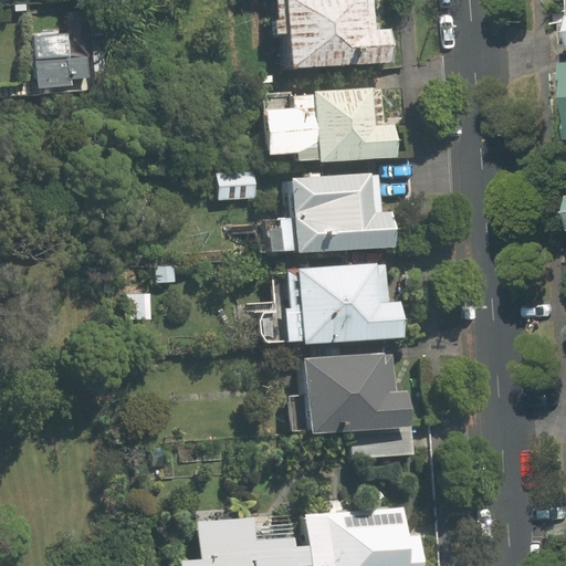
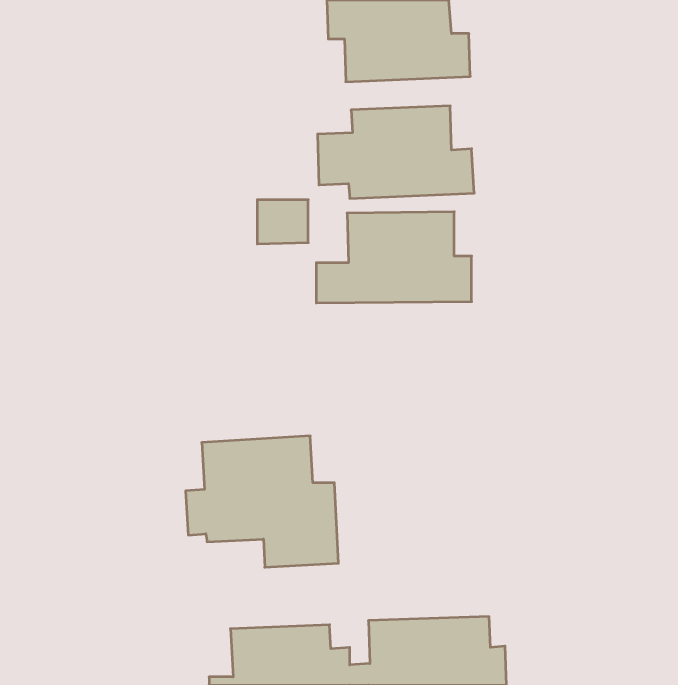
building: [39,30,91,91] -> none
building: [263,264,405,340] -> none
building: [289,350,415,459] -> [186,436,338,567]

